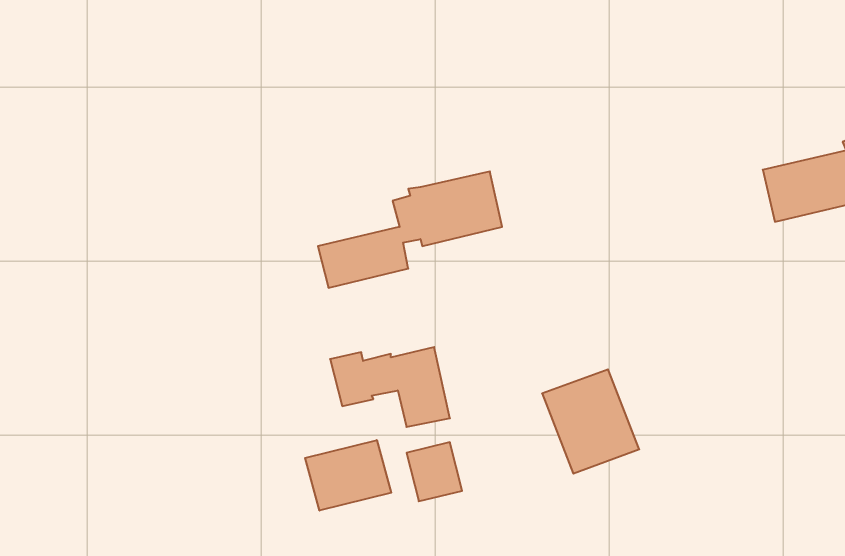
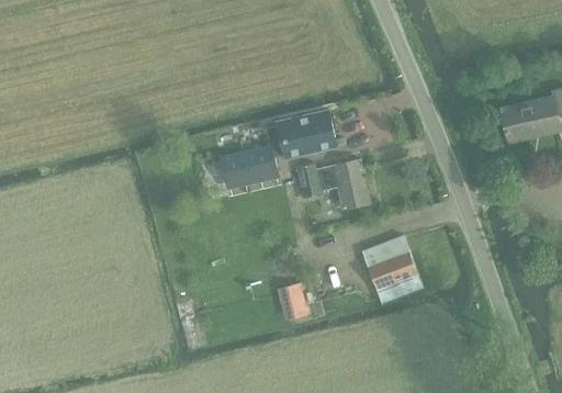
building: [330,347,450,427] -> [295,160,371,211]
building: [305,440,391,511] -> none

